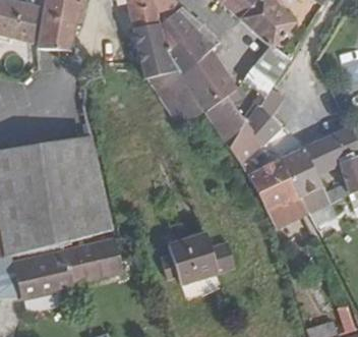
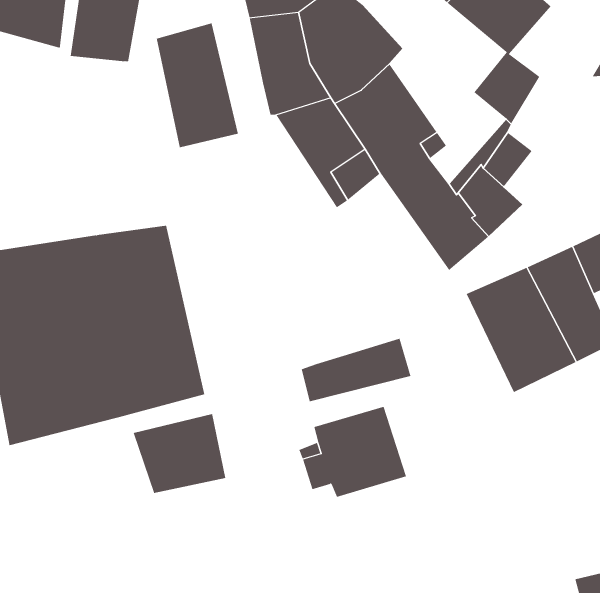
building: none -> [156,22,238,148]
building: none -> [301,338,411,402]
building: [13,248,83,299] -> none

